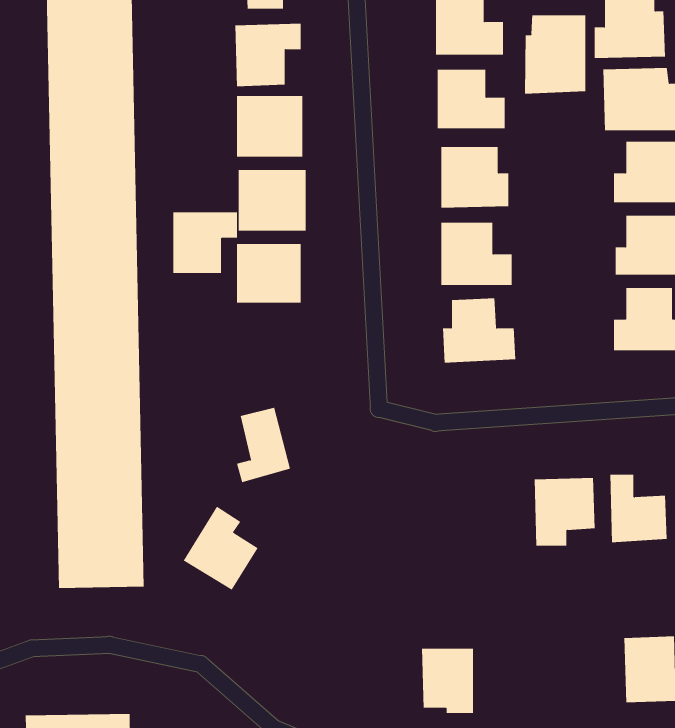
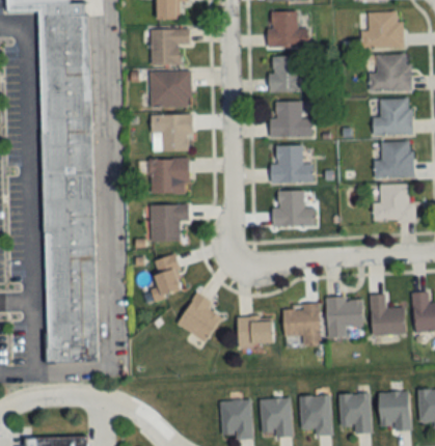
building: [525,14,586,94] -> none
building: [173,212,238,274] -> [151,205,189,242]
building: none -> [282,305,320,345]
building: [183,506,259,591] -> [176,292,221,342]
building: none -> [237,316,274,347]
building: none -> [339,392,370,431]
building: none -> [300,394,331,435]
building: none -> [220,399,252,438]

